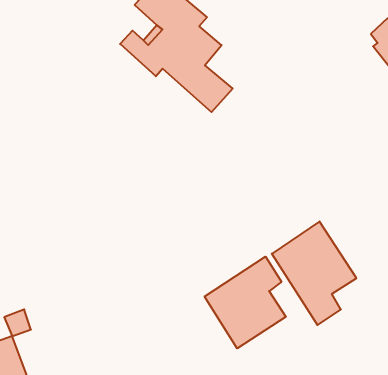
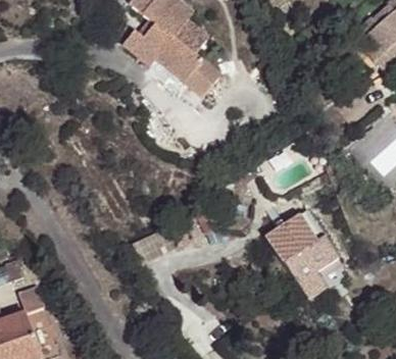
building: [205,257,286,348] -> none

